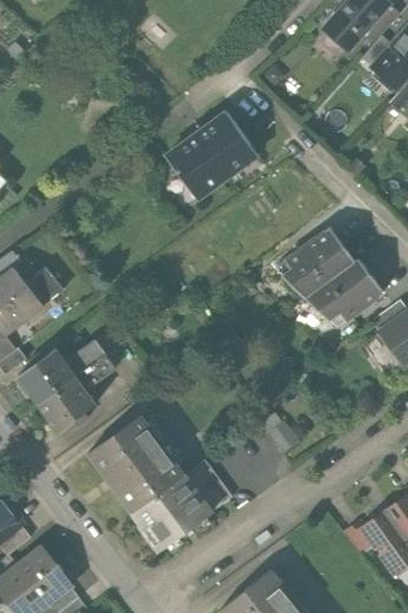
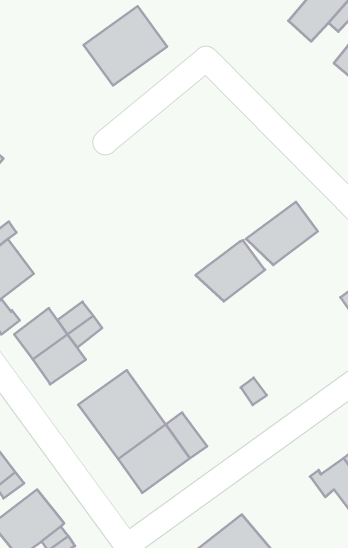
building: [163,115,255,202] -> [84,6,167,85]
building: [304,260,380,327] -> [196,240,265,301]
building: [22,266,62,308] -> none

